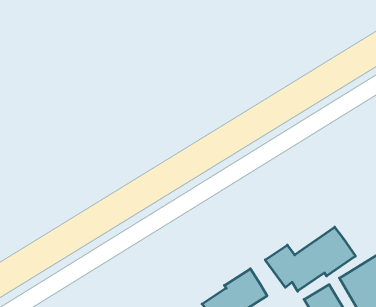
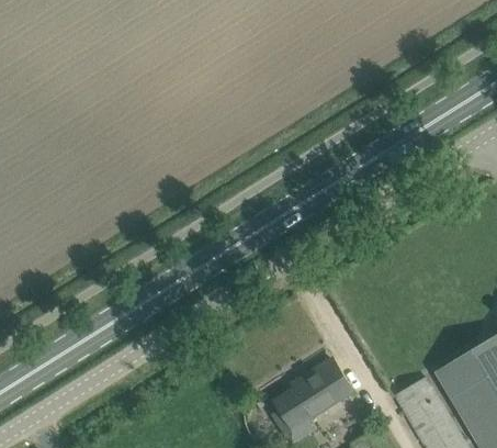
building: [265,227,355,291] -> none

